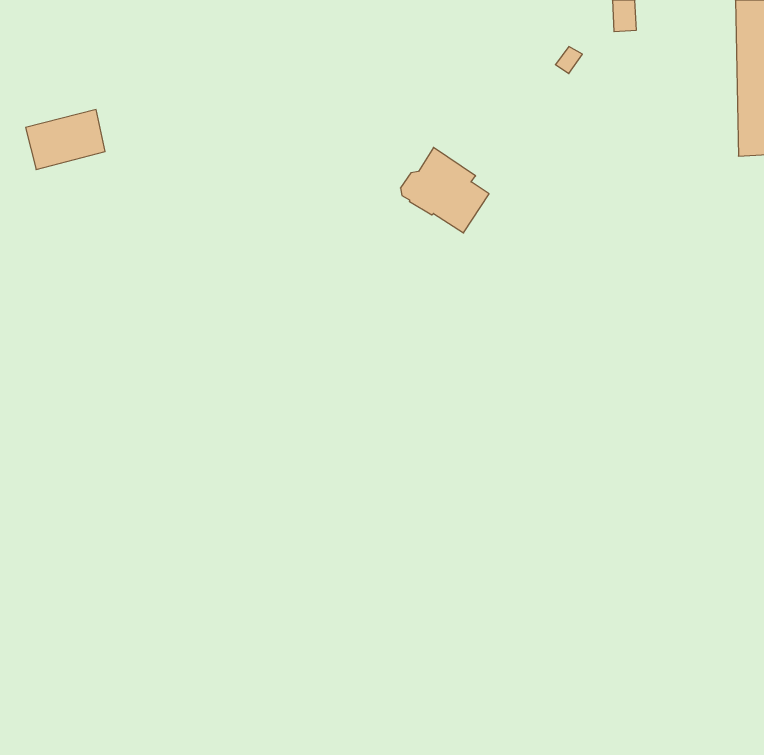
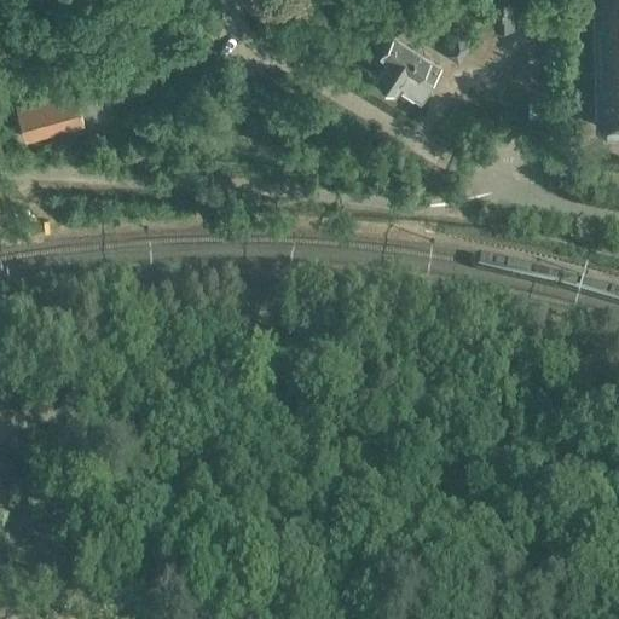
building: [400,147,489,233] -> [371,35,442,104]

